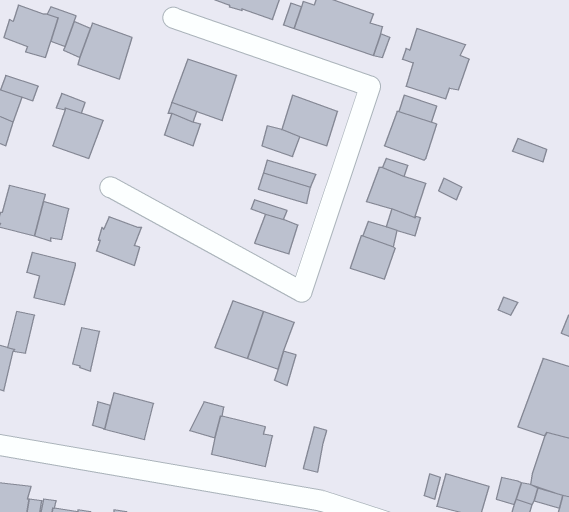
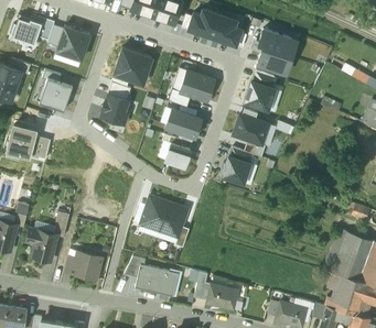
building: [96,217,142,265] -> [101,94,129,123]
building: [27,252,75,305] -> [28,228,57,260]
building: none -> [206,283,238,309]

